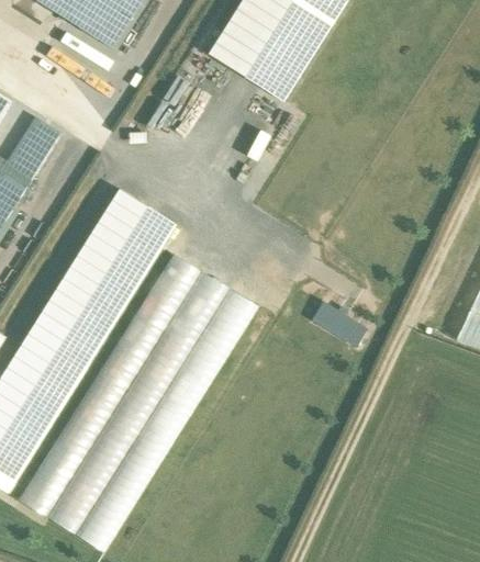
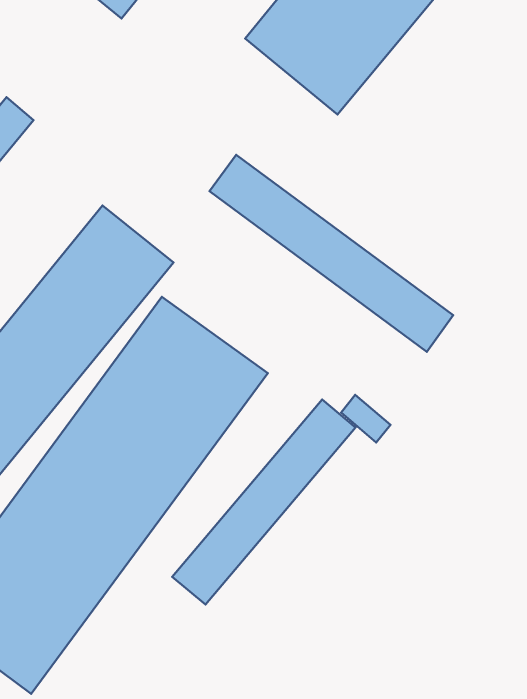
building: none -> [210,155,453,352]
building: none -> [172,400,356,605]

